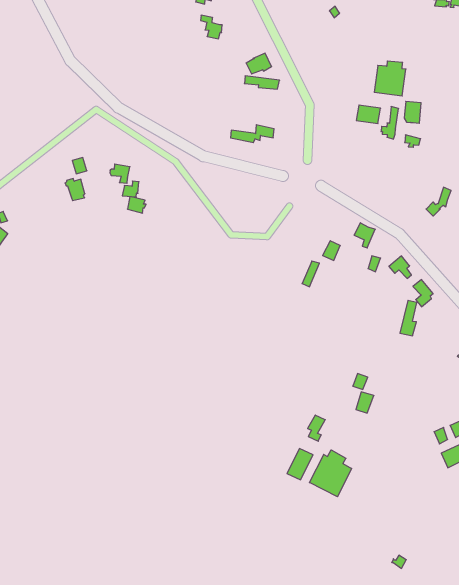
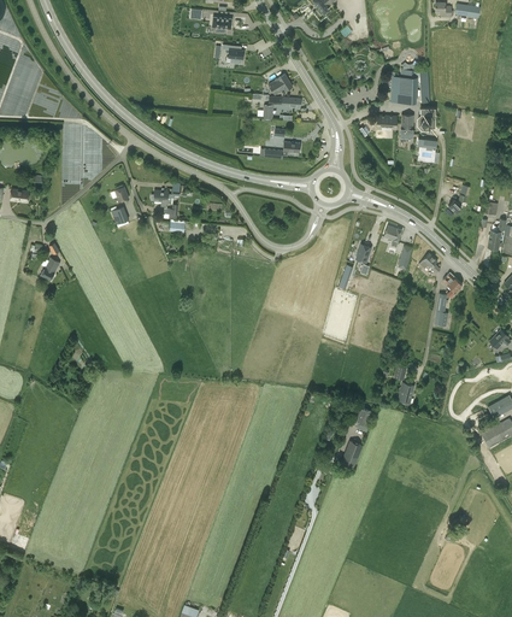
building: [309,450,352,497] -> none

